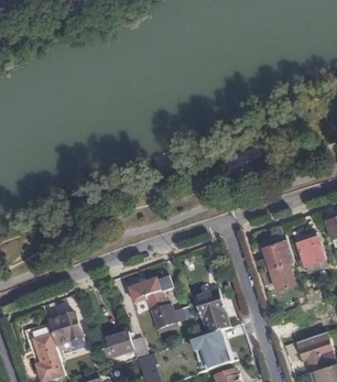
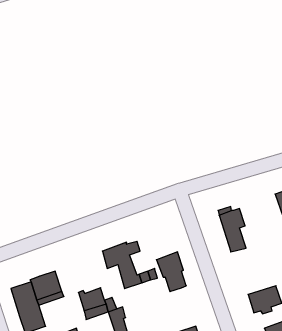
building: [297,239,325,268] -> none
building: [189,331,230,369] -> none

